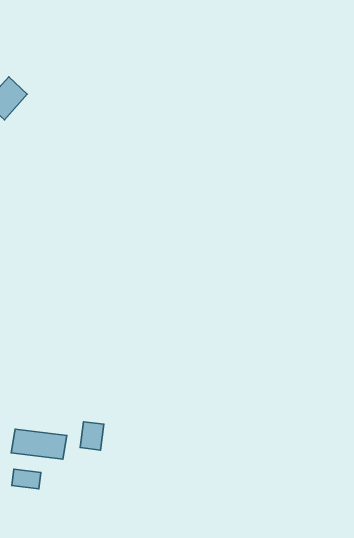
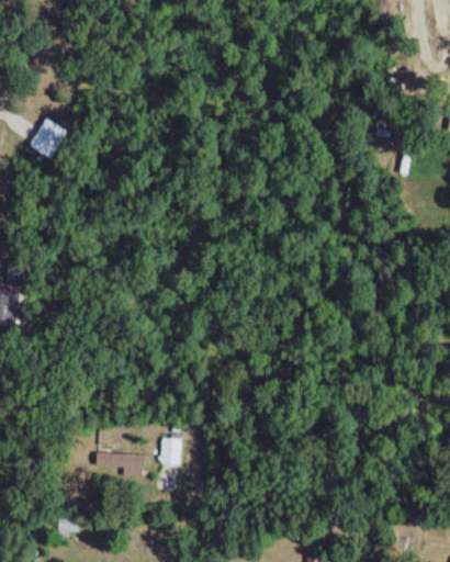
building: [12,469,41,489] -> none

